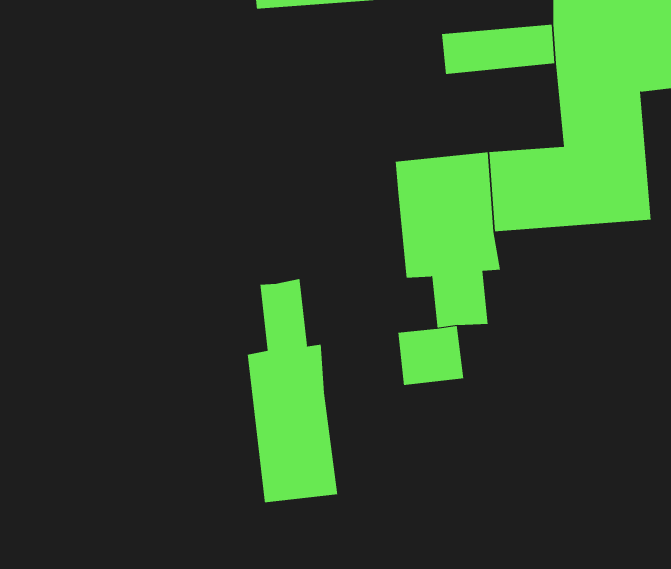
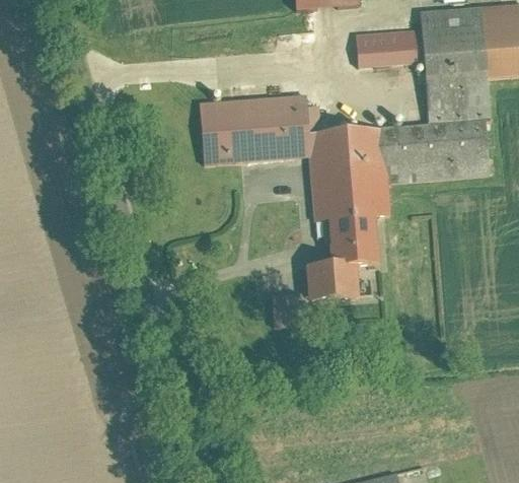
building: none -> [205,99,307,156]
building: [247,278,338,503] -> none

